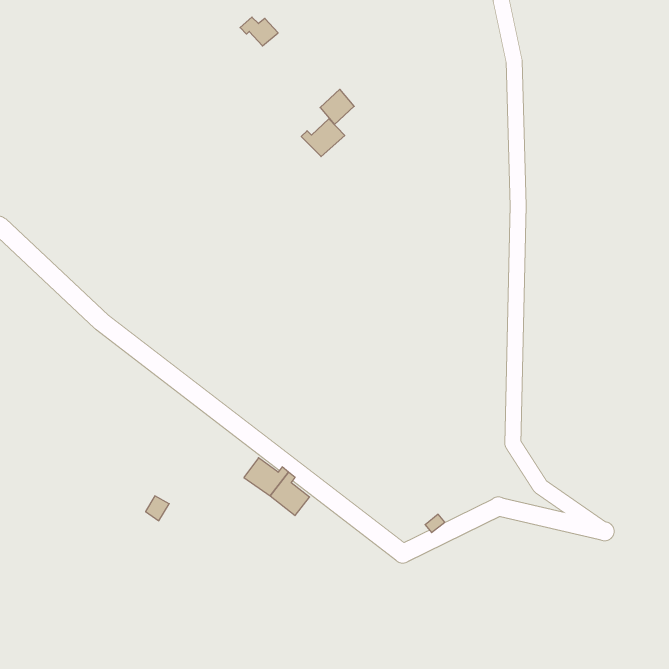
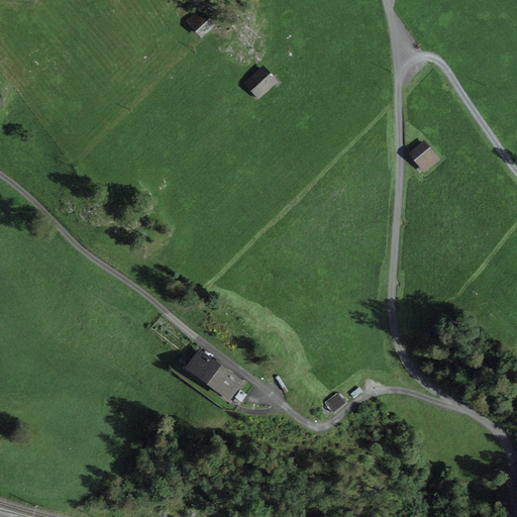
building: [301,119,345,157] -> none
building: none -> [409,143,437,172]

